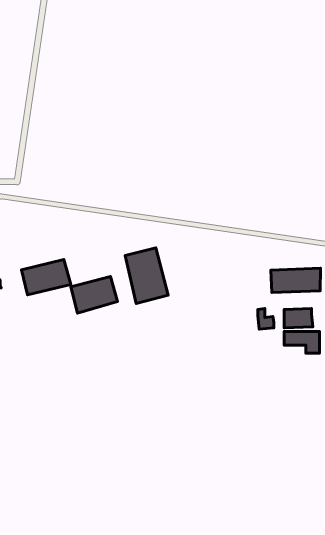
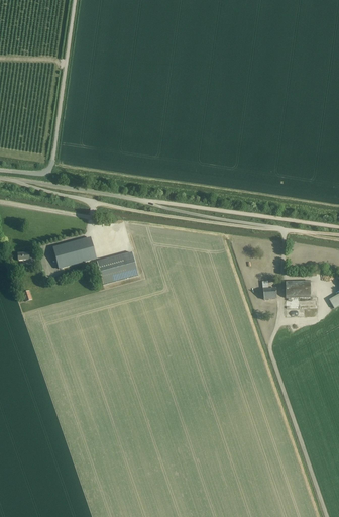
building: [125,248,168,304] -> none
building: [271,268,320,293] -> none

